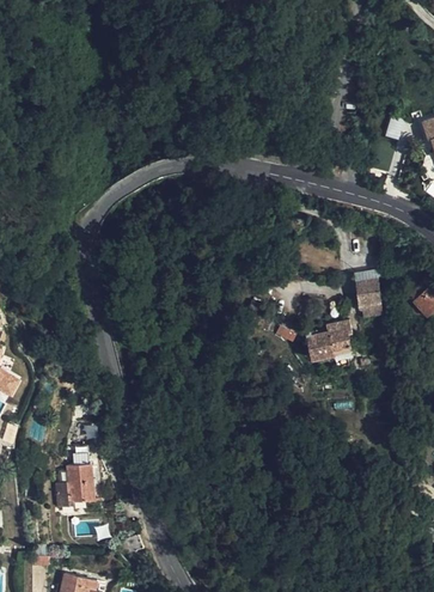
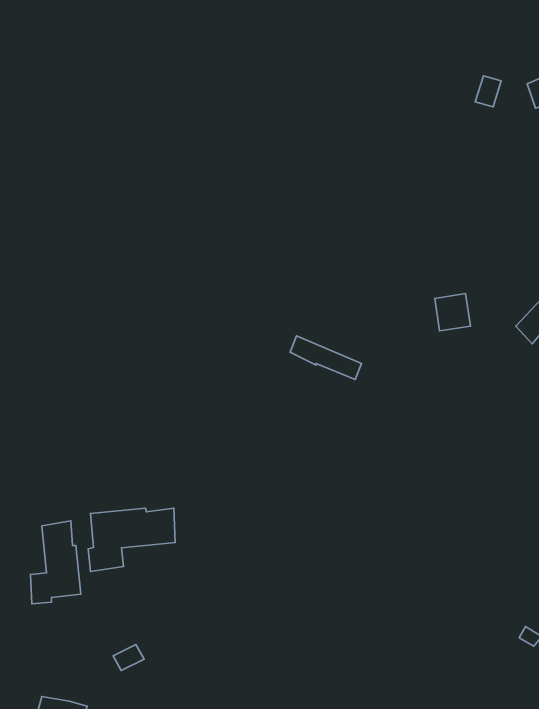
building: [306,321,353,359] -> none
building: none -> [88,508,175,571]

